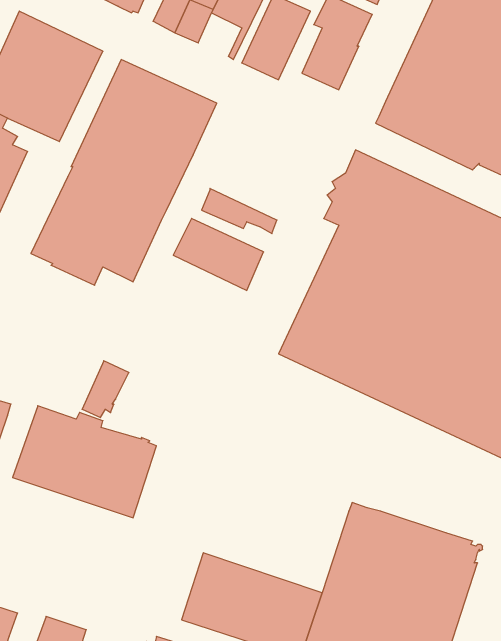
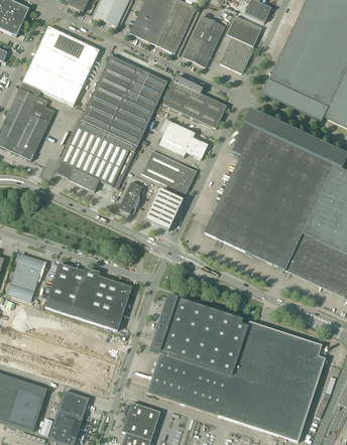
building: none -> [156,26,183,52]
building: none -> [162,76,226,128]
building: none -> [159,118,208,151]
building: none -> [145,188,183,230]
building: [82,361,129,418] -> [117,181,145,215]
building: none -> [149,294,247,376]

